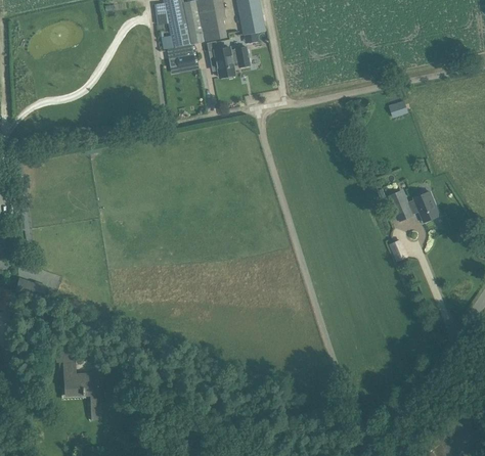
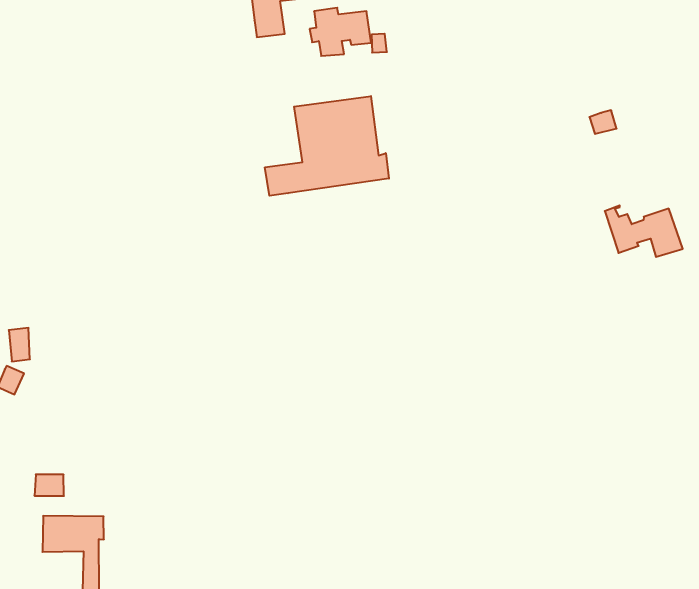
building: none -> [265,96,389,196]
building: [390,191,440,222] -> [605,205,683,257]

